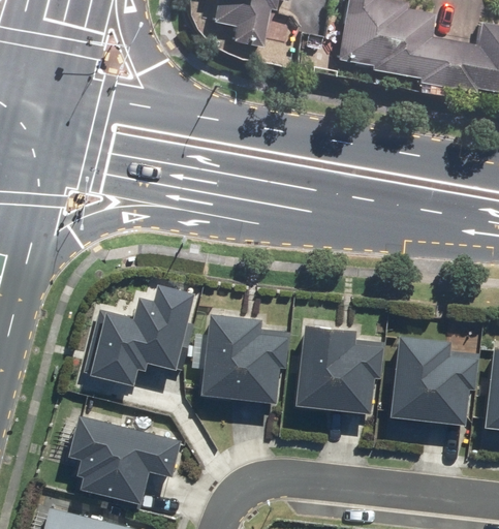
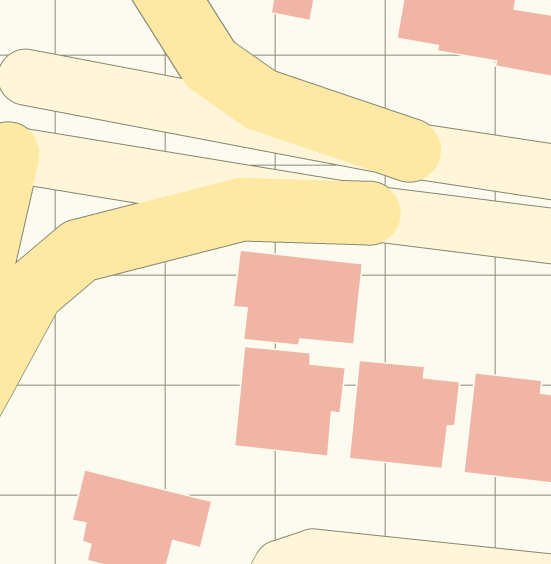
building: none -> [233,250,362,345]
building: [85,285,197,387] -> none

